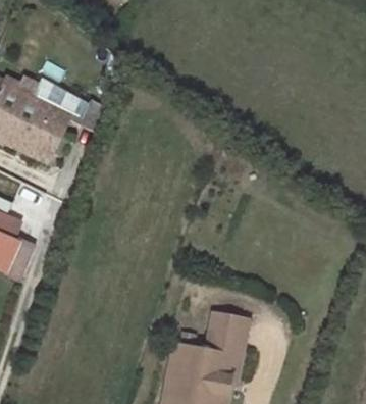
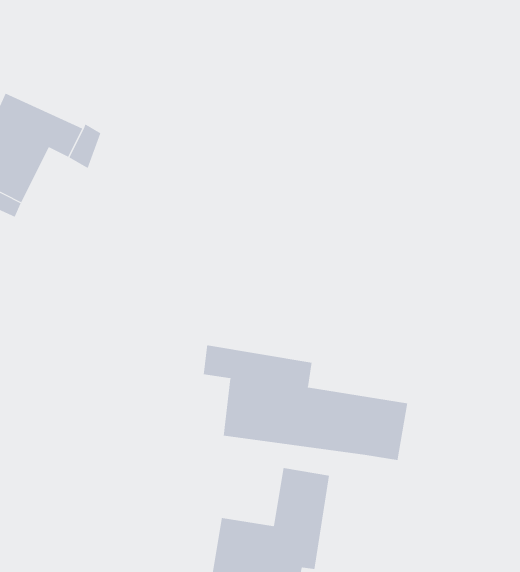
building: none -> [203,344,408,461]

